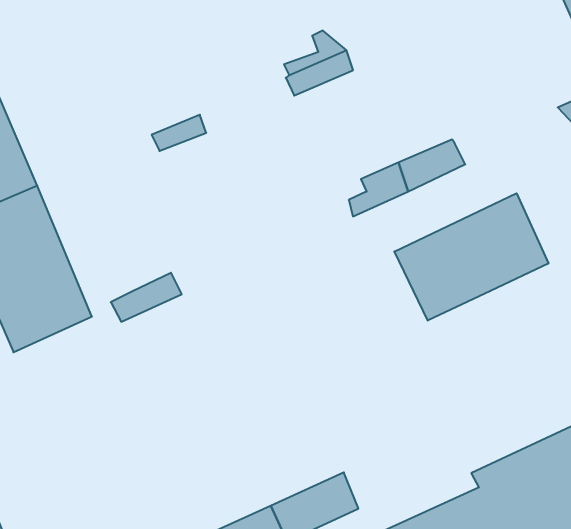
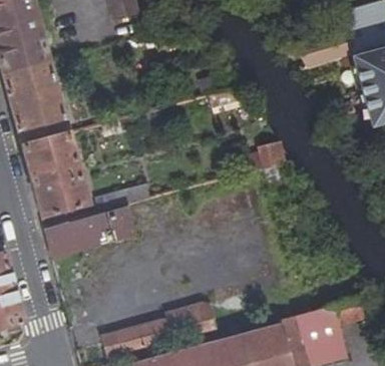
building: [394,193,548,321] -> none
building: none -> [45,208,135,260]

